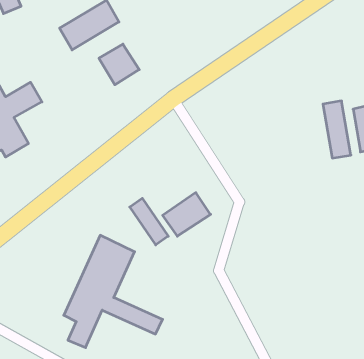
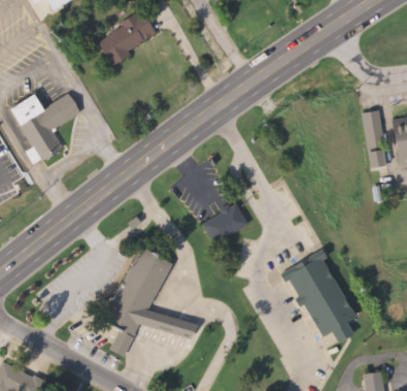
building: [99,44,139,85] -> none
building: [130,198,168,245] -> none
building: none -> [285,254,359,344]

